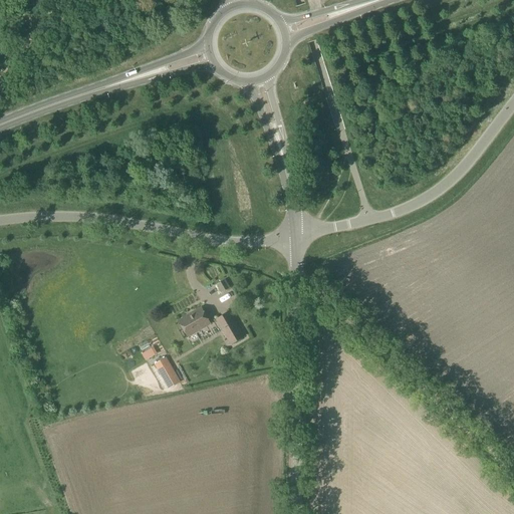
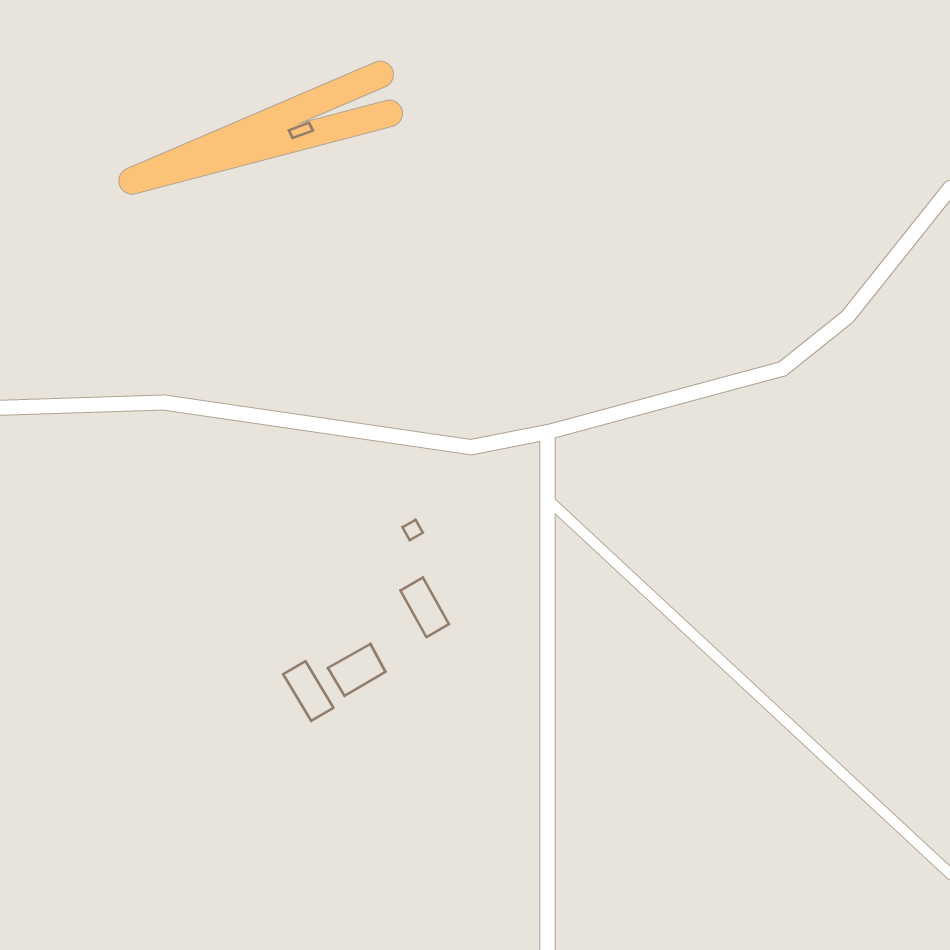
building: [178,307,209,335] -> [328,644,386,696]

